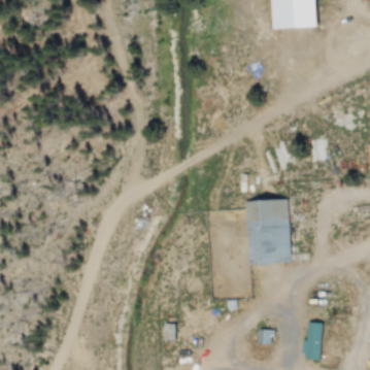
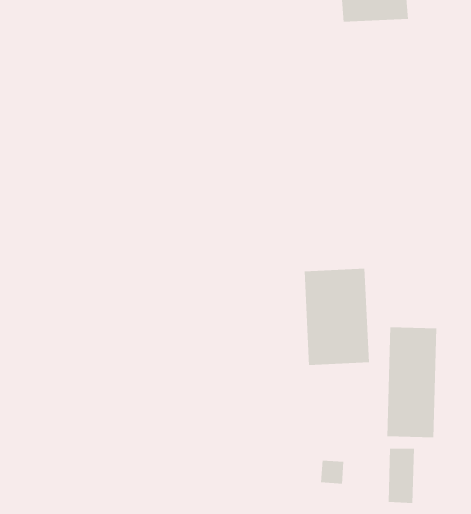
building: none -> [387,326,437,438]

